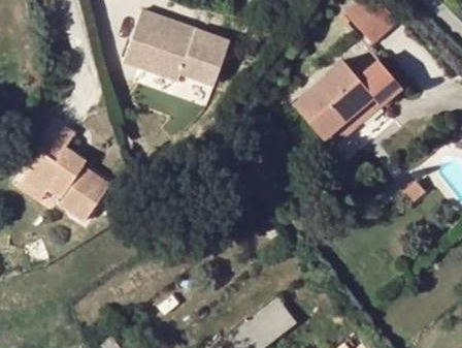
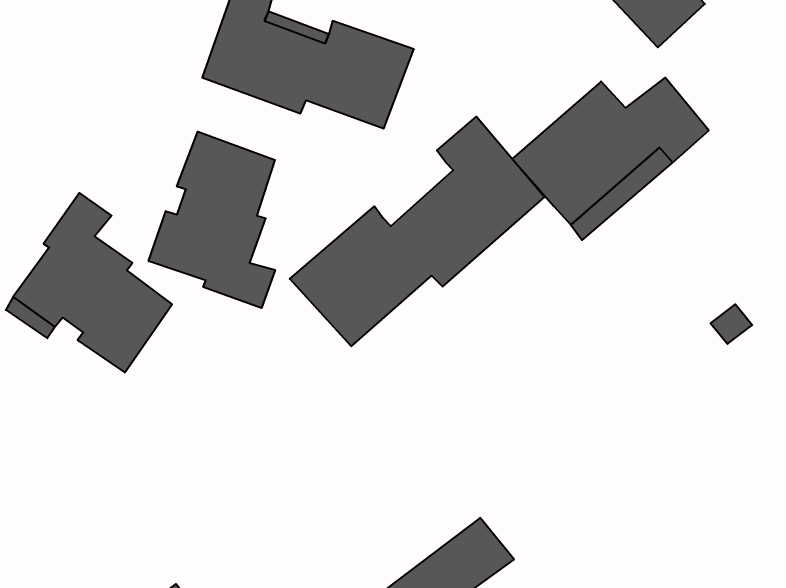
building: none -> [290,117,544,346]
building: none -> [149,132,275,308]

